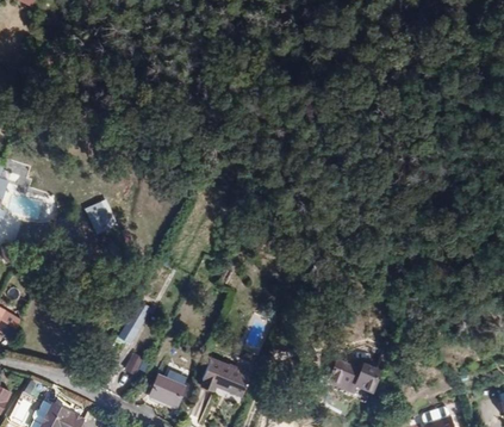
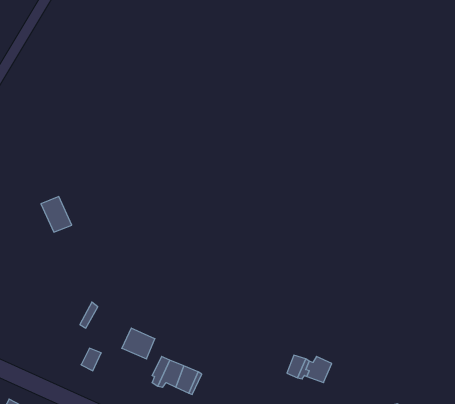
building: [150,371,183,402] -> [122,328,155,359]

